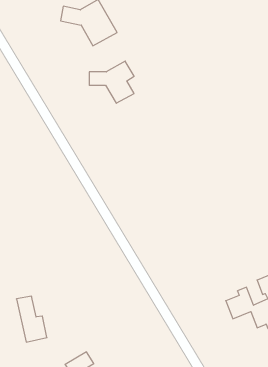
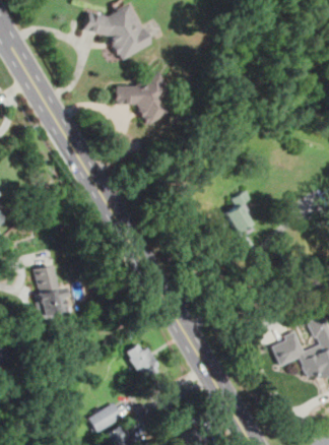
building: none -> [226,190,255,237]
building: [16,296,47,342] -> [32,266,67,318]
building: none -> [129,342,160,379]

